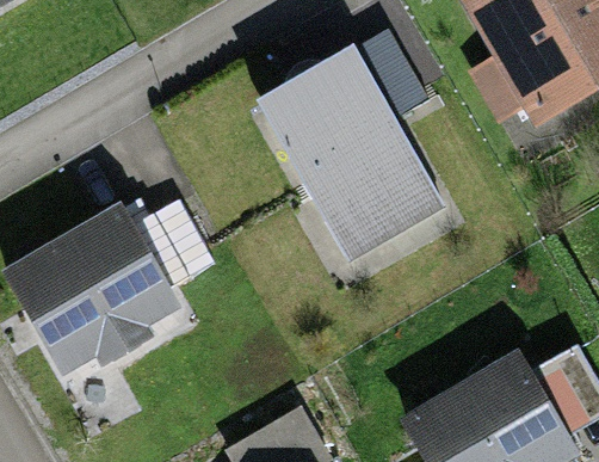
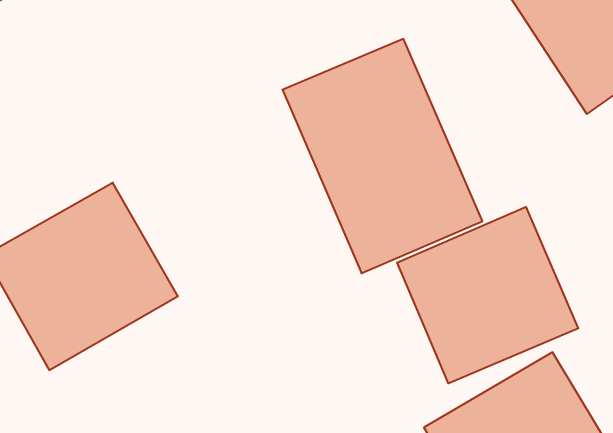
building: none -> [397,207,578,383]

